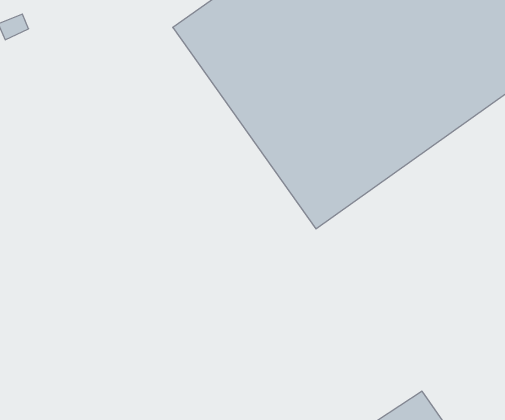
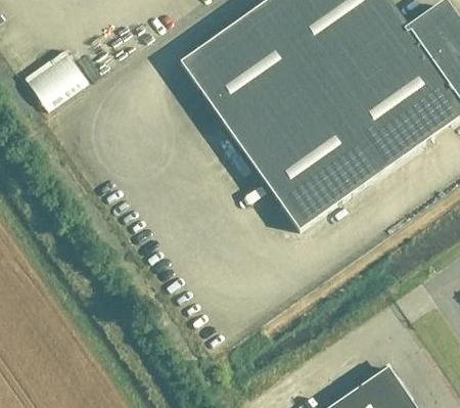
building: none -> [40,64,89,100]

